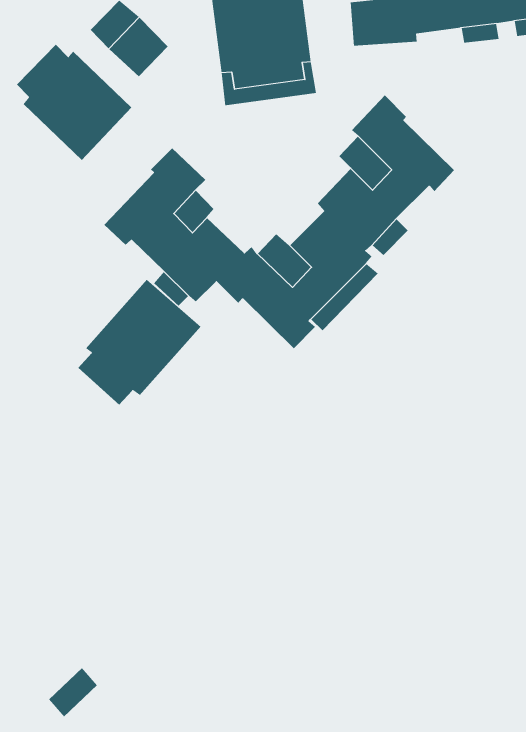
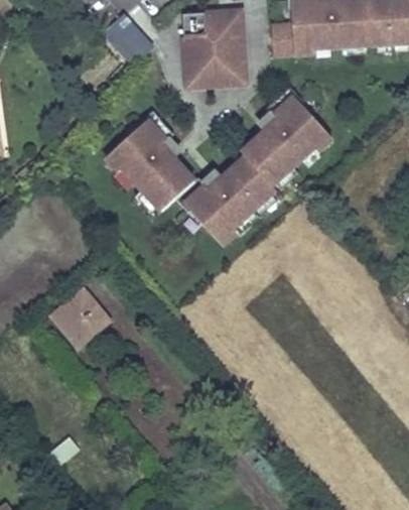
building: [16,44,132,161] -> none
building: [78,279,201,405] -> none
building: none -> [51,287,114,350]

